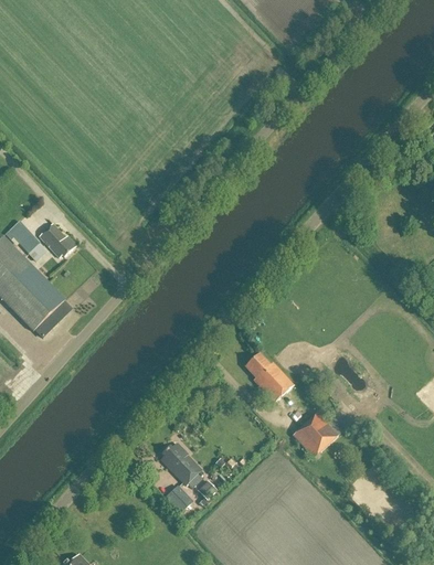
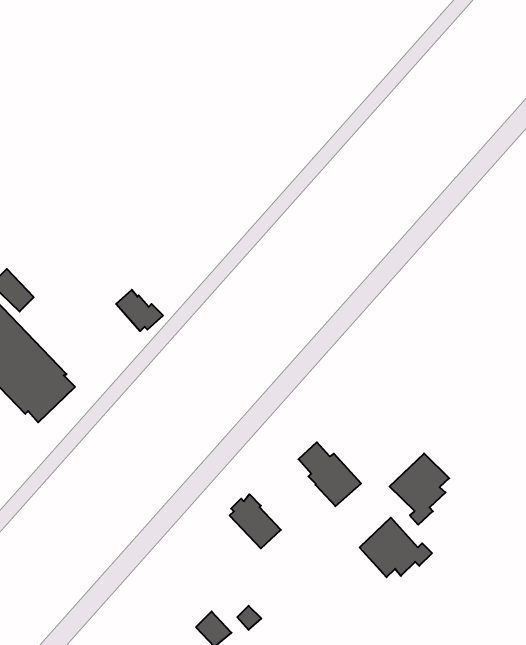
building: [39,224,75,256] -> [116,290,163,331]
building: none -> [390,453,449,525]
building: [160,441,200,483] -> [230,494,281,548]

